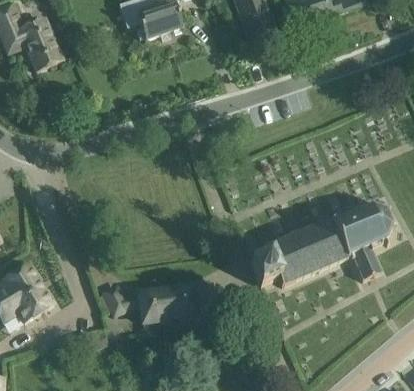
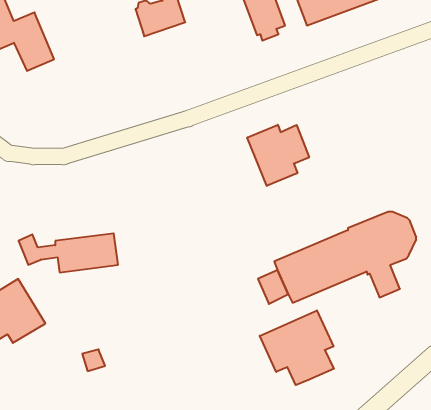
building: none -> [247,125,309,186]
building: [104,287,196,323] -> [18,233,118,272]
building: none -> [260,310,334,385]

